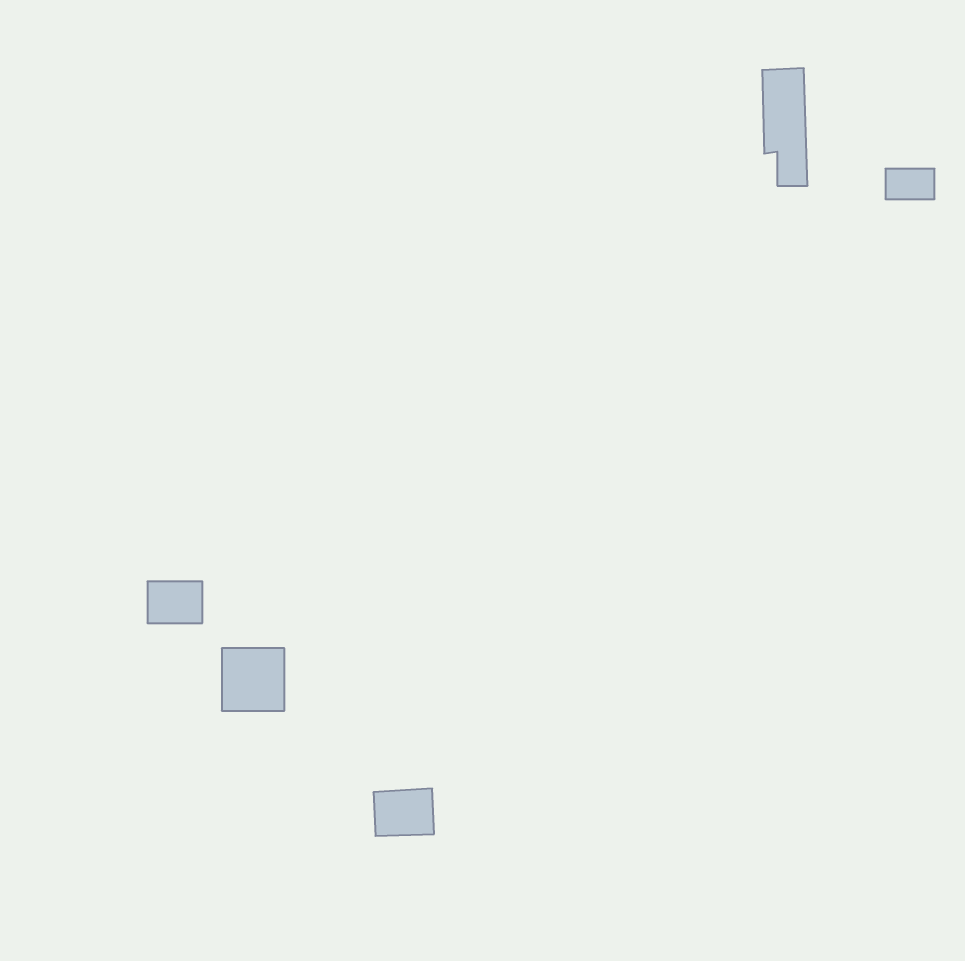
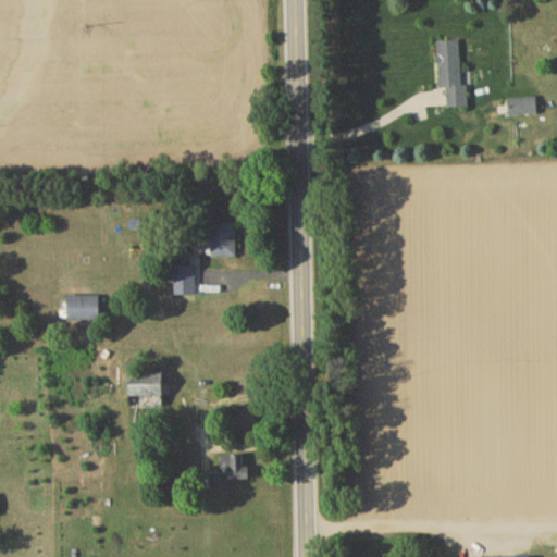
building: none -> [206,221,235,256]
building: none -> [172,261,196,293]
building: [147,581,202,623] -> [67,295,99,319]

